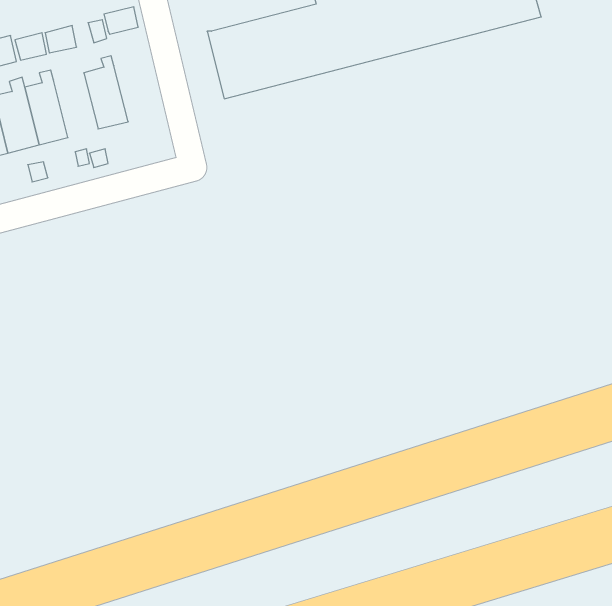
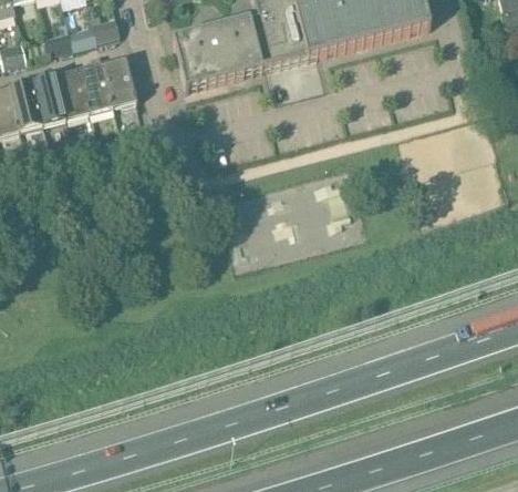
building: none -> [101,57,136,106]
building: none -> [54,69,89,119]

